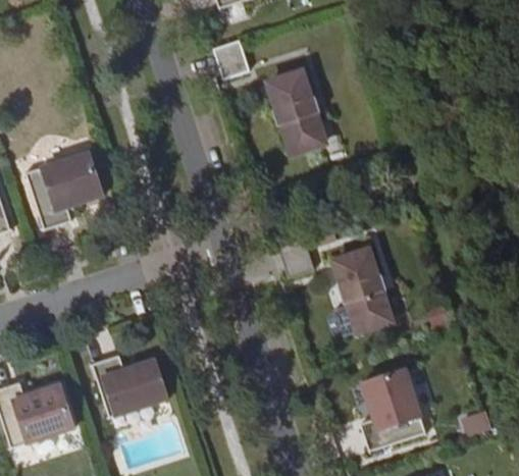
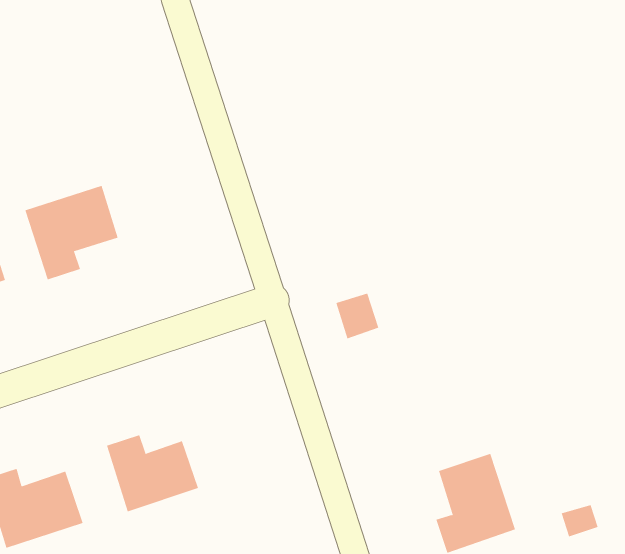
building: [213,40,249,77] -> none
building: [270,73,325,154] -> none
building: [334,251,392,332] -> none

